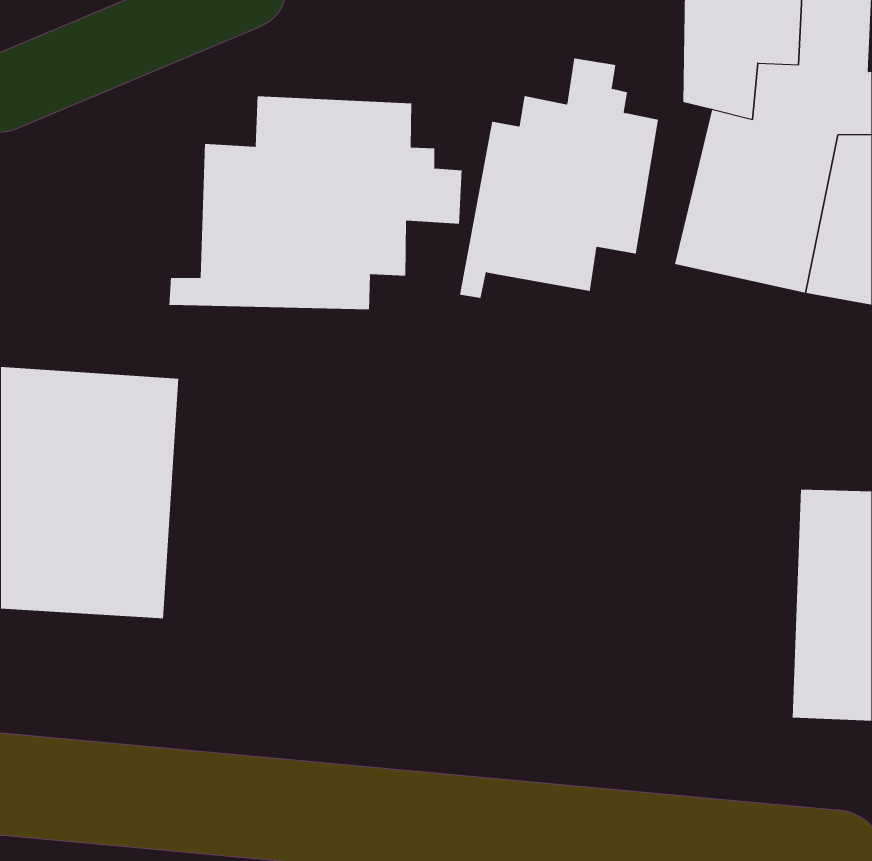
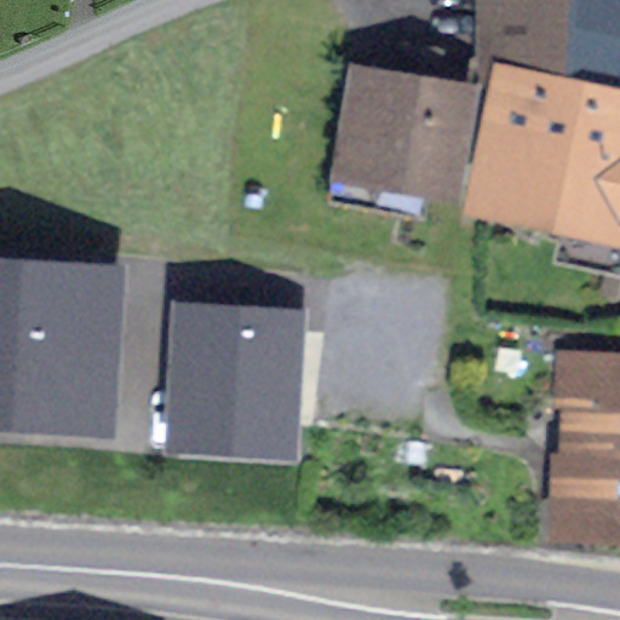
building: [169,96,462,310] -> none
building: none -> [161,299,304,461]

